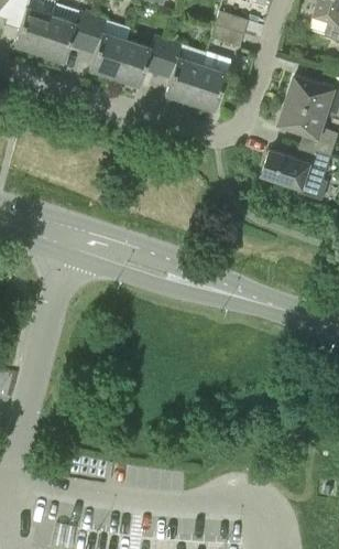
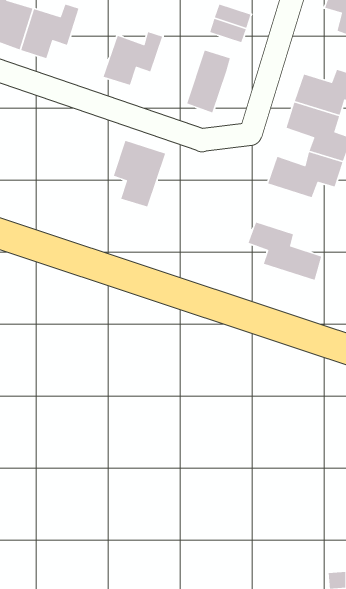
building: [80,14,129,77] -> none
building: [156,40,205,101] -> [113,140,166,208]
building: none -> [247,221,322,281]

